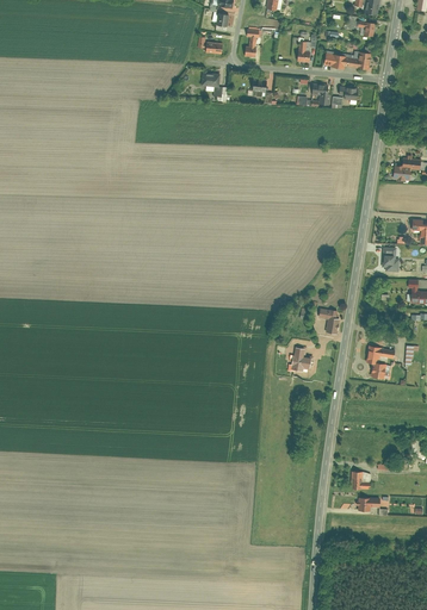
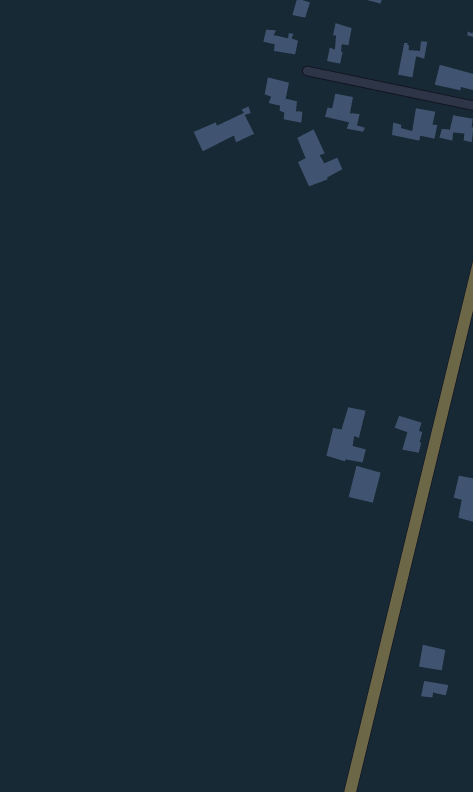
building: none -> [193,105,255,152]
building: none -> [297,129,343,187]
building: none -> [326,407,366,463]

